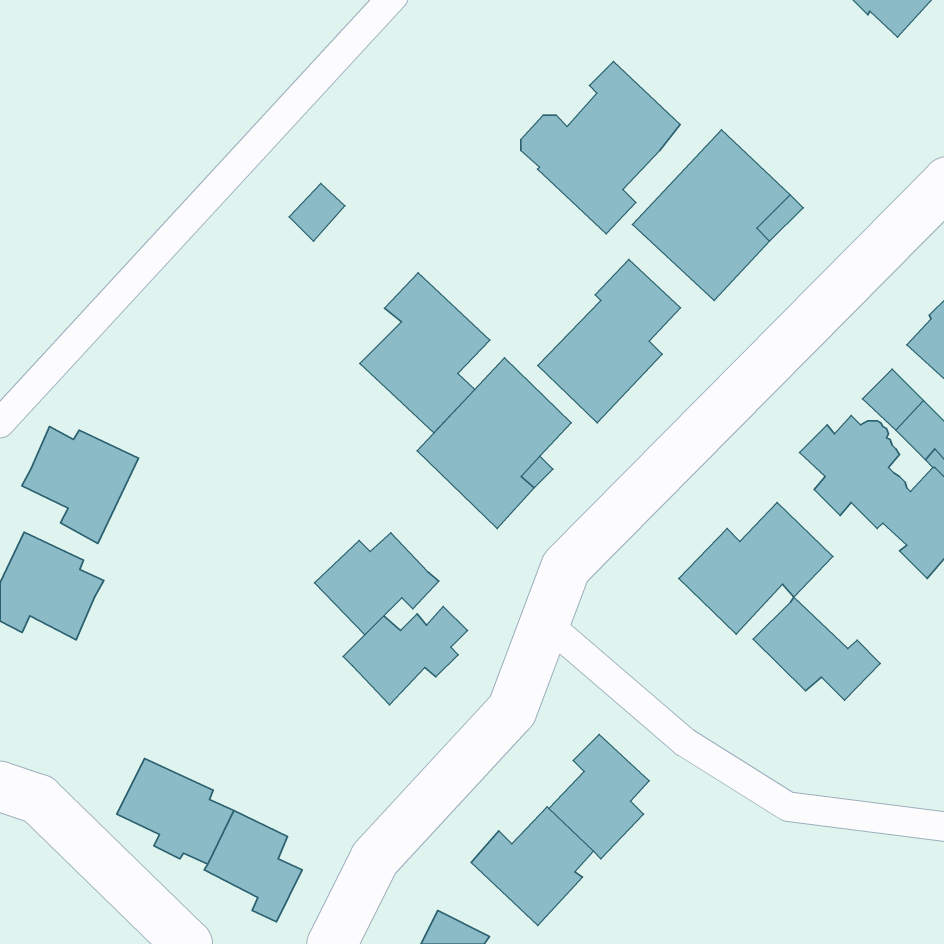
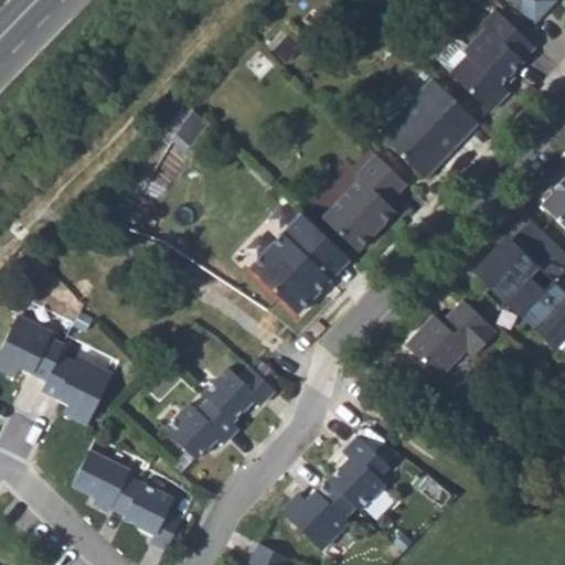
building: [521,61,680,234] -> [440,9,535,111]
building: [360,273,490,433] -> none
building: [22,427,139,543] -> [42,355,111,425]
building: [315,533,439,635] -> [167,396,241,457]
building: [753,597,880,700] -> none

